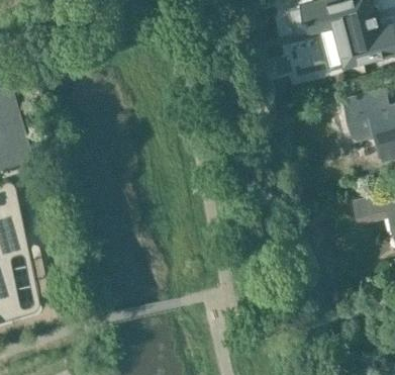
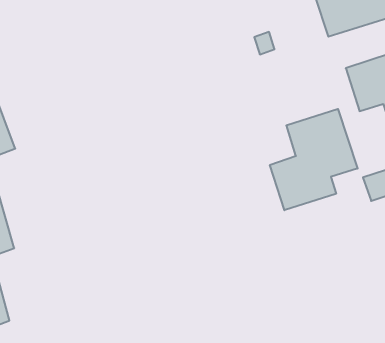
building: none -> [270,109,358,210]

